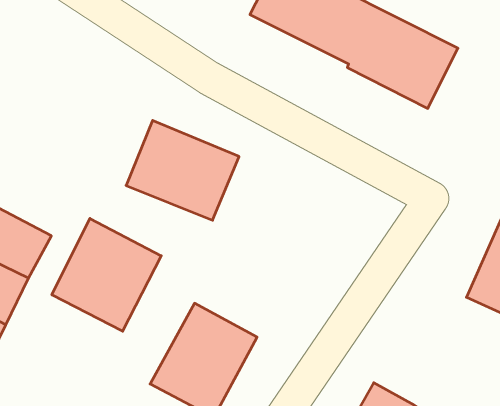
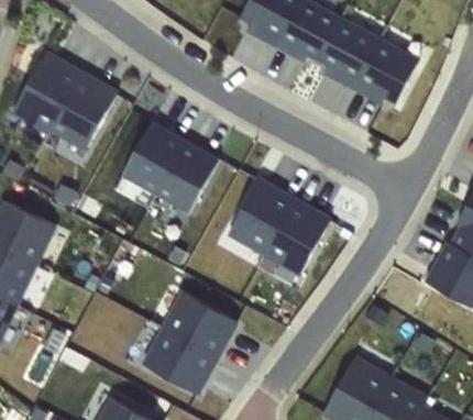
building: none -> [11,51,127,155]
building: none -> [222,175,337,275]
building: [52,218,161,331] -> none

